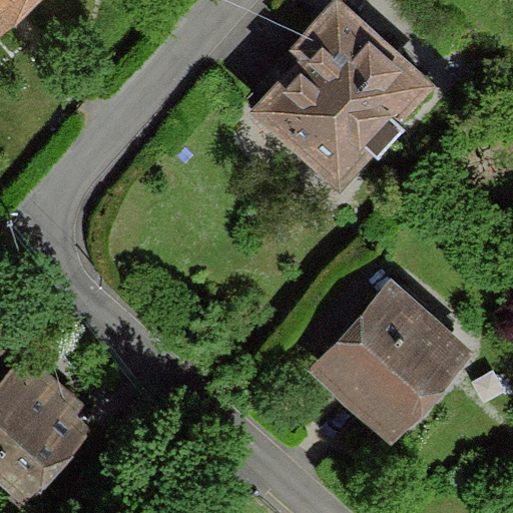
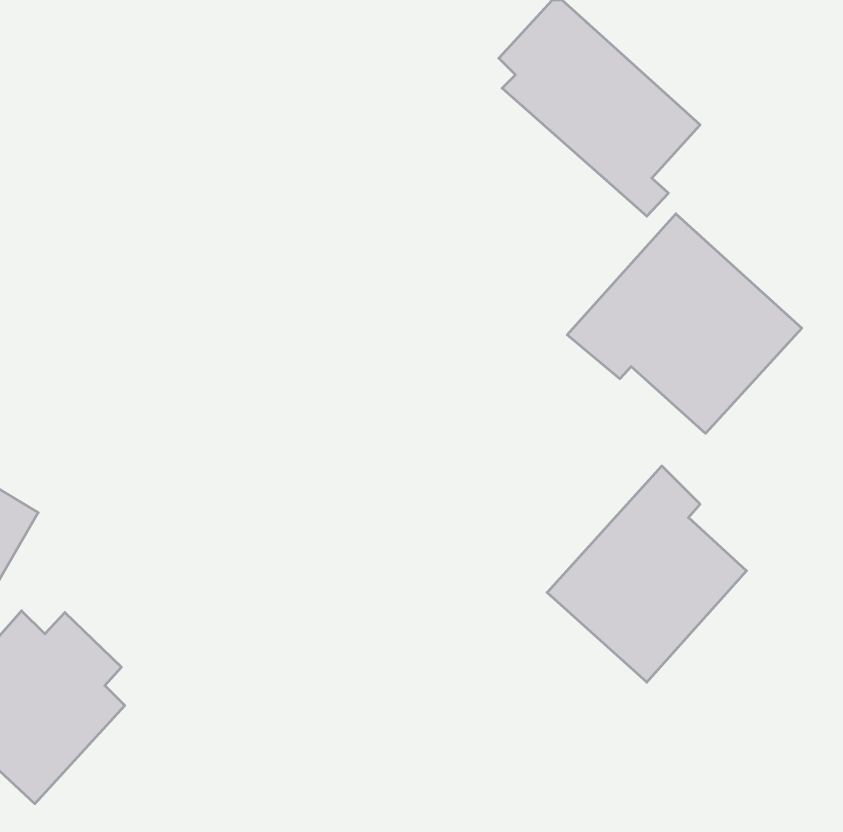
building: [261,64,390,178] -> none
building: none -> [567,214,802,433]

